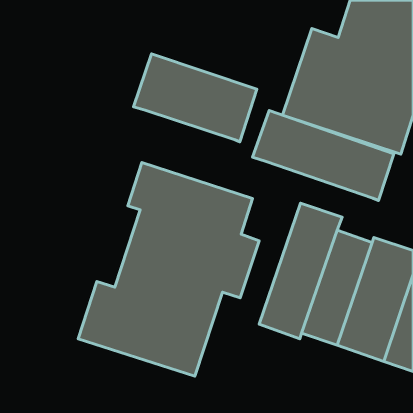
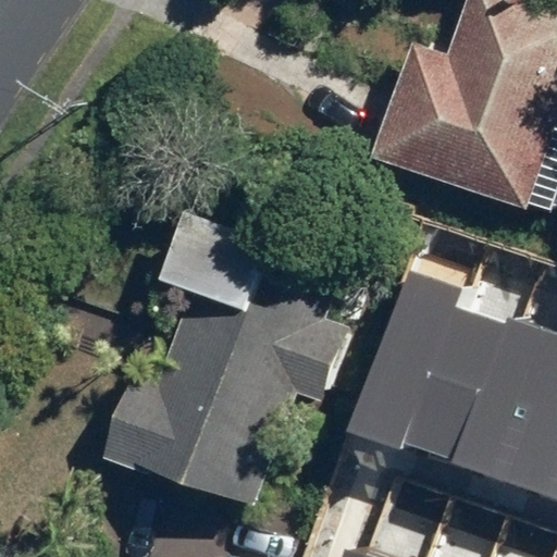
building: [134,54,257,142] -> none
building: [253,110,394,200] -> none

